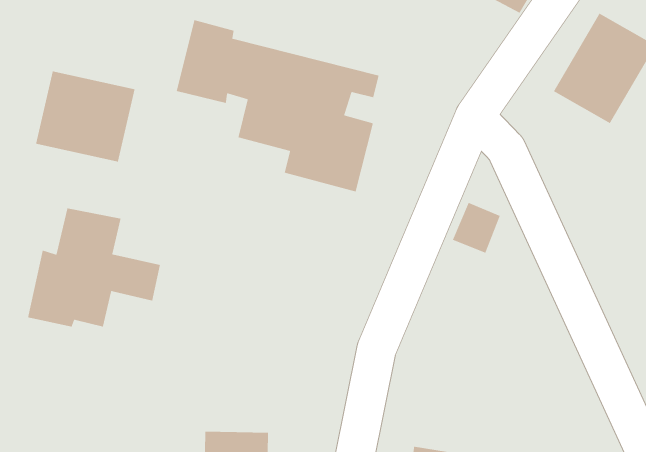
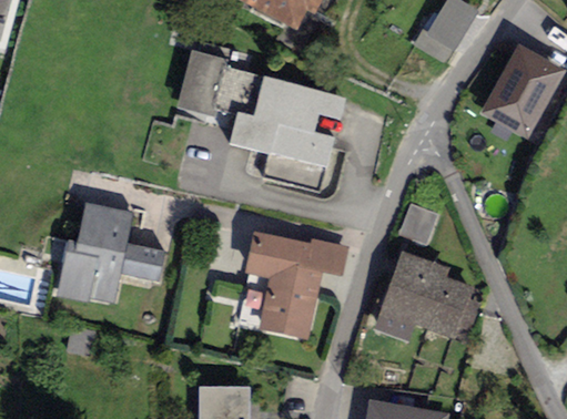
building: [35,70,136,163] -> none
building: none -> [244,232,348,337]
building: none -> [381,252,475,338]

